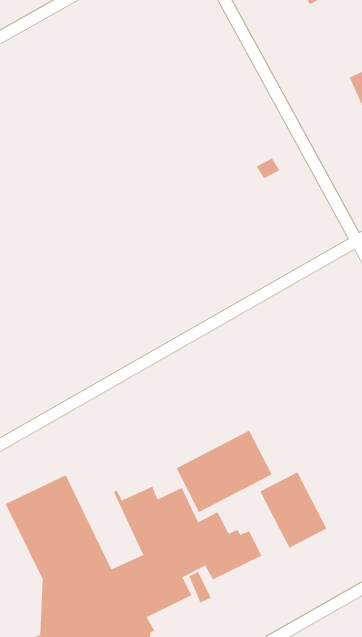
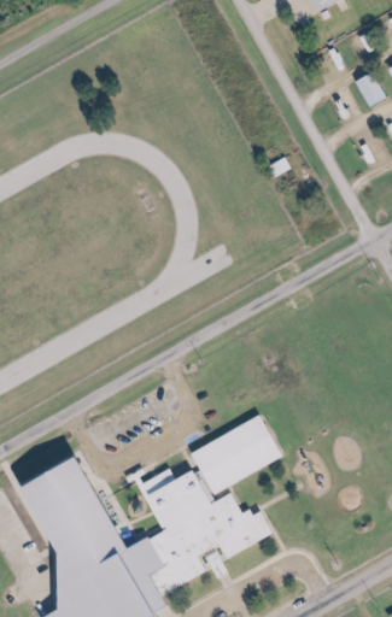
building: [260,471,327,548] -> none

